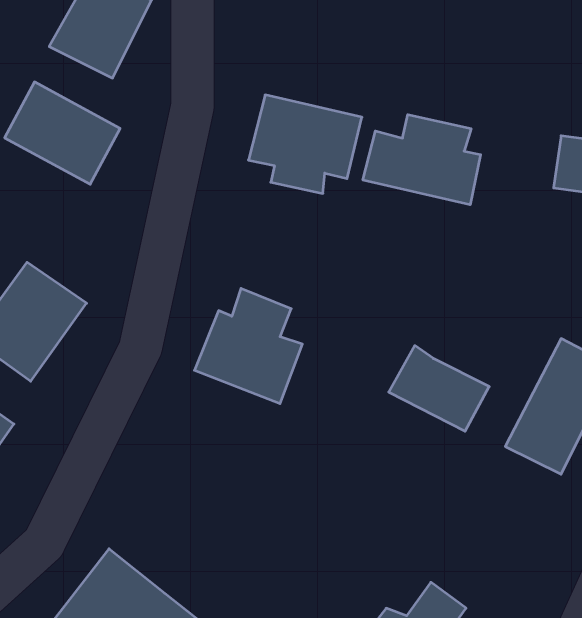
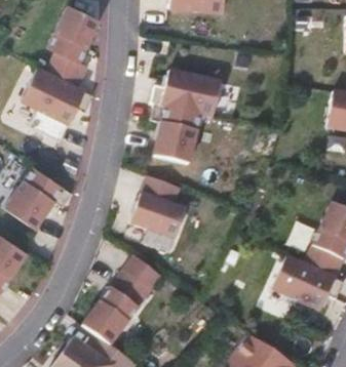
building: [363,115,481,205] -> none
building: none -> [154,118,198,165]
building: [389,346,489,431] -> [274,258,330,305]
building: none -> [80,254,165,346]

